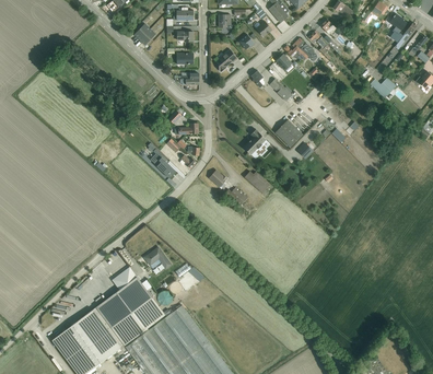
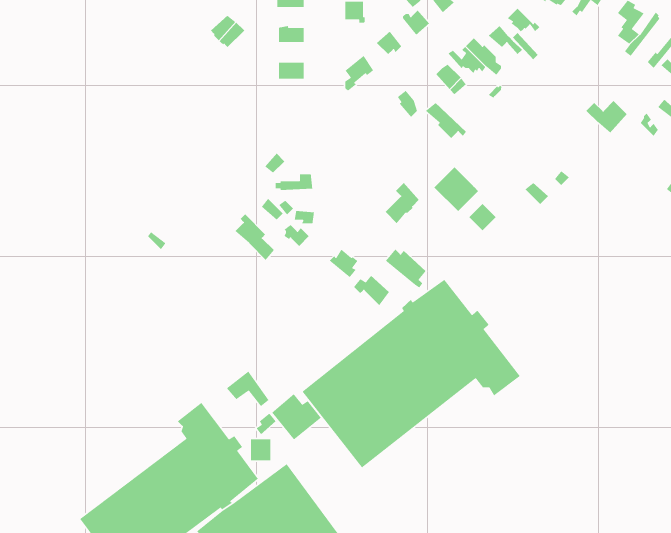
building: none -> [301,279,521,469]

